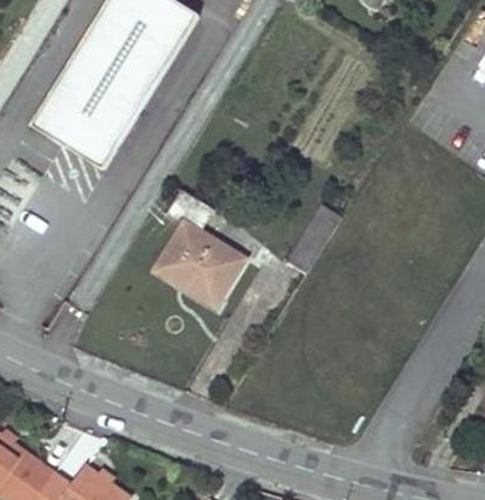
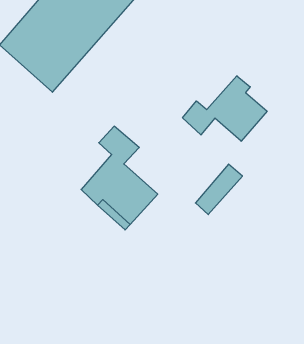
building: none -> [183,76,267,141]

